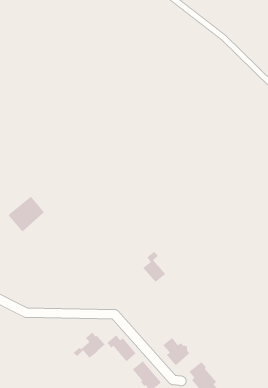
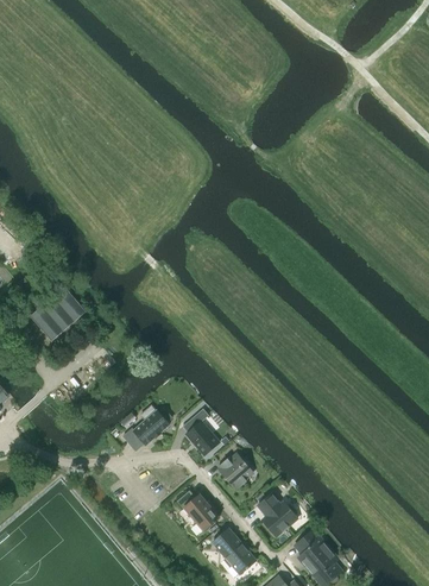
building: [142,251,166,283] -> [185,409,220,455]
building: none -> [221,455,253,487]
building: [73,332,105,358] -> [122,405,170,445]

